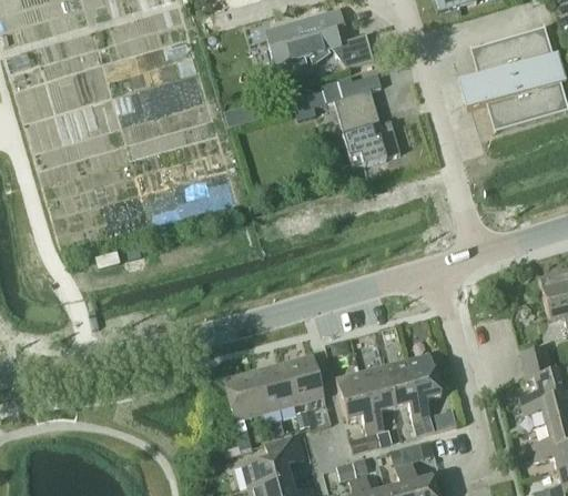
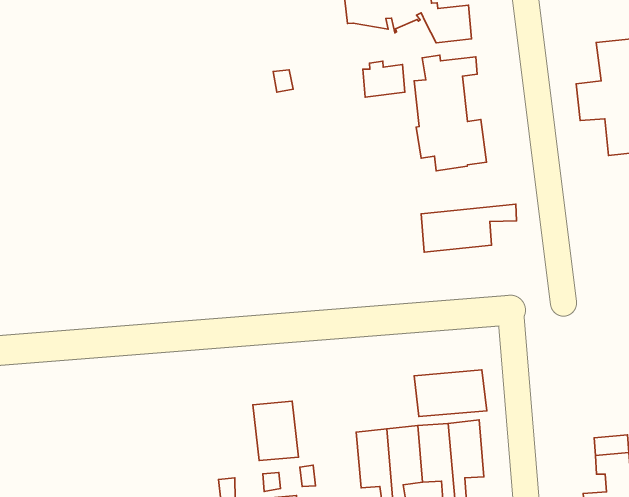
building: none -> [421,204,517,252]
building: none -> [414,370,487,417]
building: [283,355,325,405] -> none
building: [223,371,265,422] -> none

